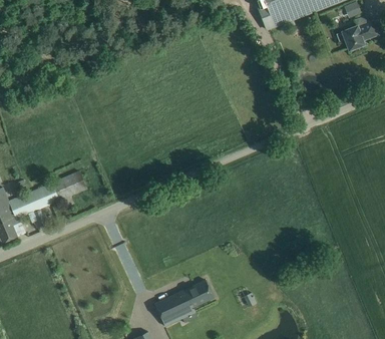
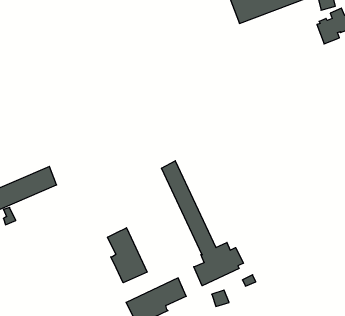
building: none -> [162,161,243,286]
building: none -> [108,228,147,283]

